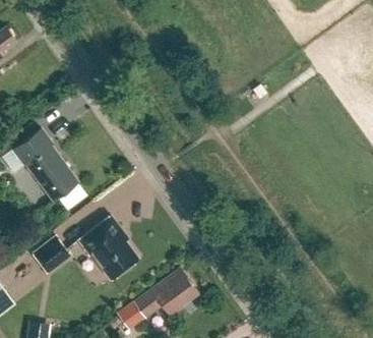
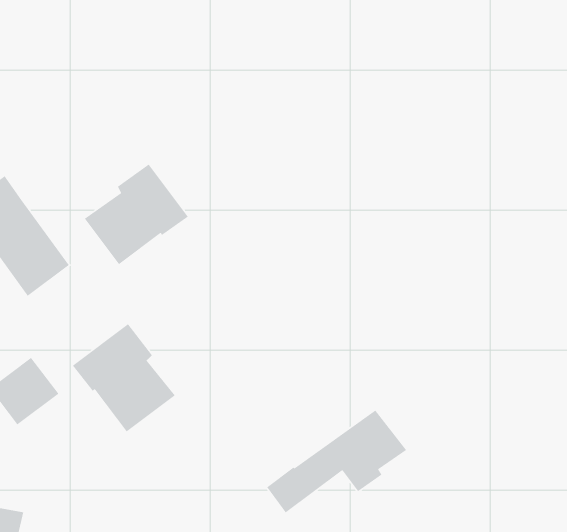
building: none -> [84,164,189,265]
building: [117,270,198,330] -> [266,409,407,513]

